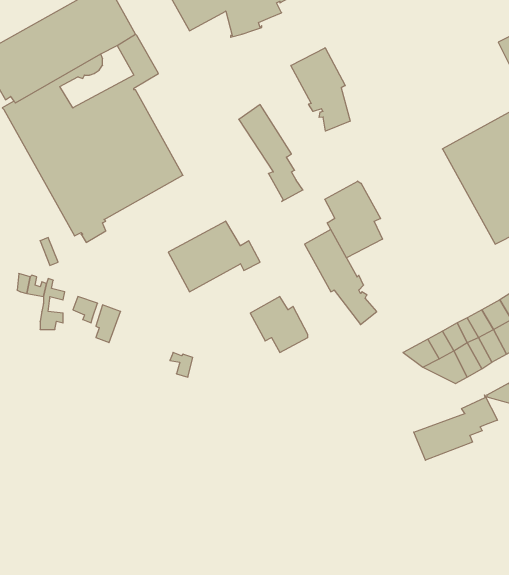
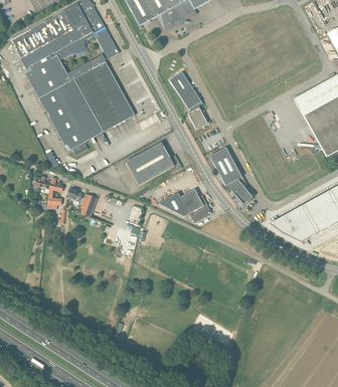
building: [291,48,350,131] -> none
building: [325,181,382,258] -> none
building: [414,395,497,460] -> none

